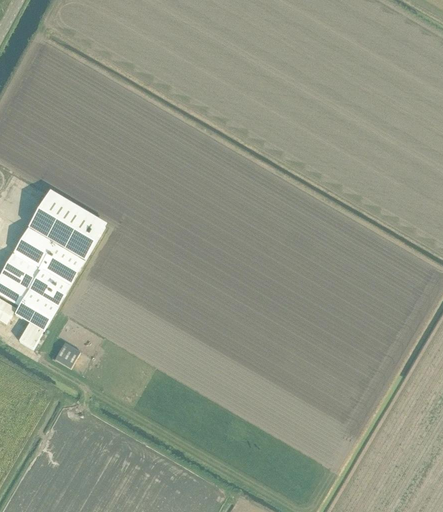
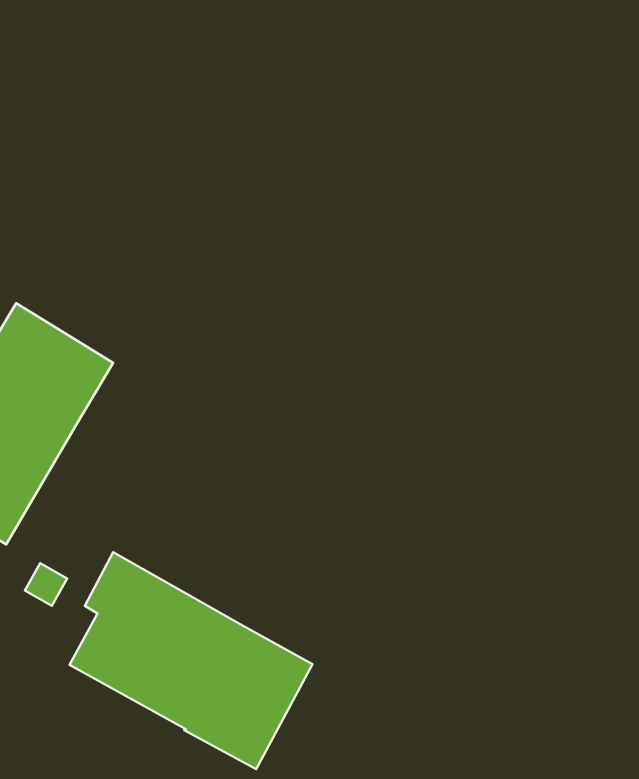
building: none -> [70,552,313,769]

